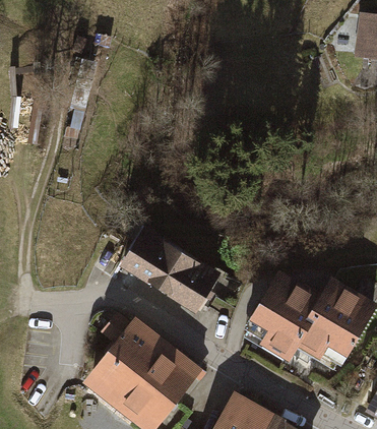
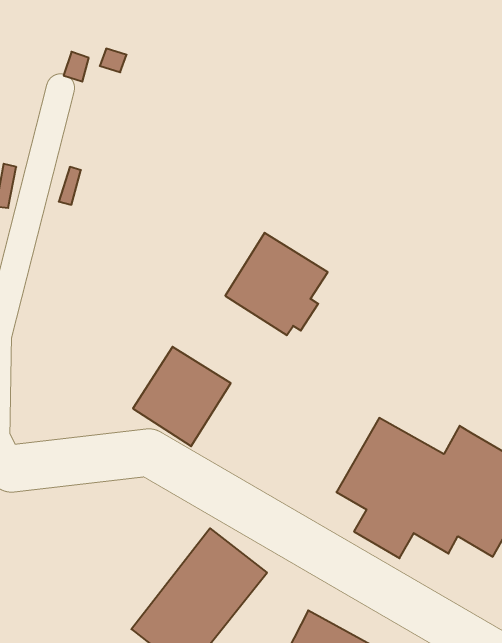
building: [154,251,221,317] -> [225,233,328,335]
building: [81,313,167,410] -> none

